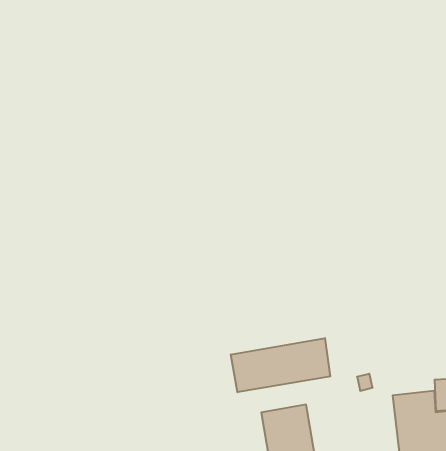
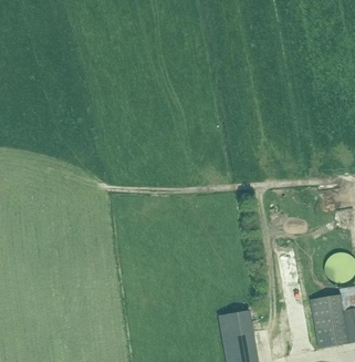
building: [231,338,330,392] -> none

